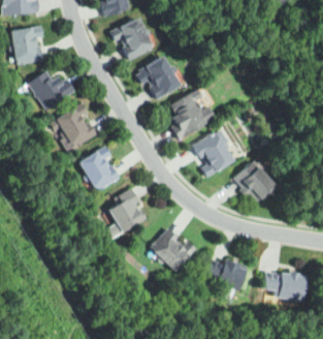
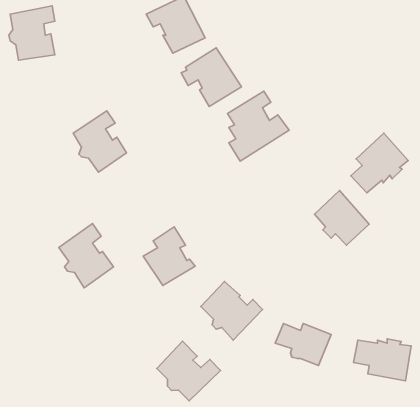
building: [27,70,73,110] -> none
building: none -> [351,133,408,193]
building: [192,132,233,177] -> none
building: [78,145,119,192] -> [59,224,114,288]
building: none -> [157,341,221,401]

